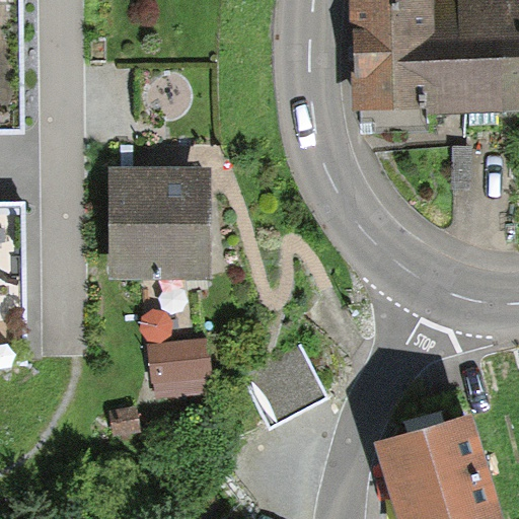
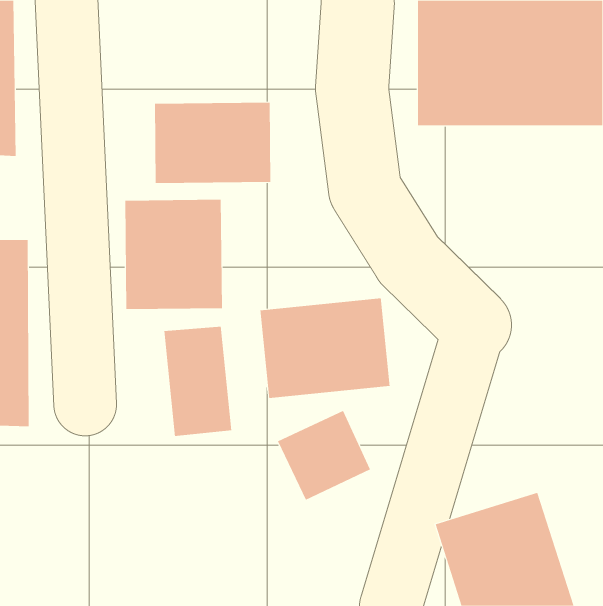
building: none -> [155,102,271,184]
building: none -> [260,298,390,399]

